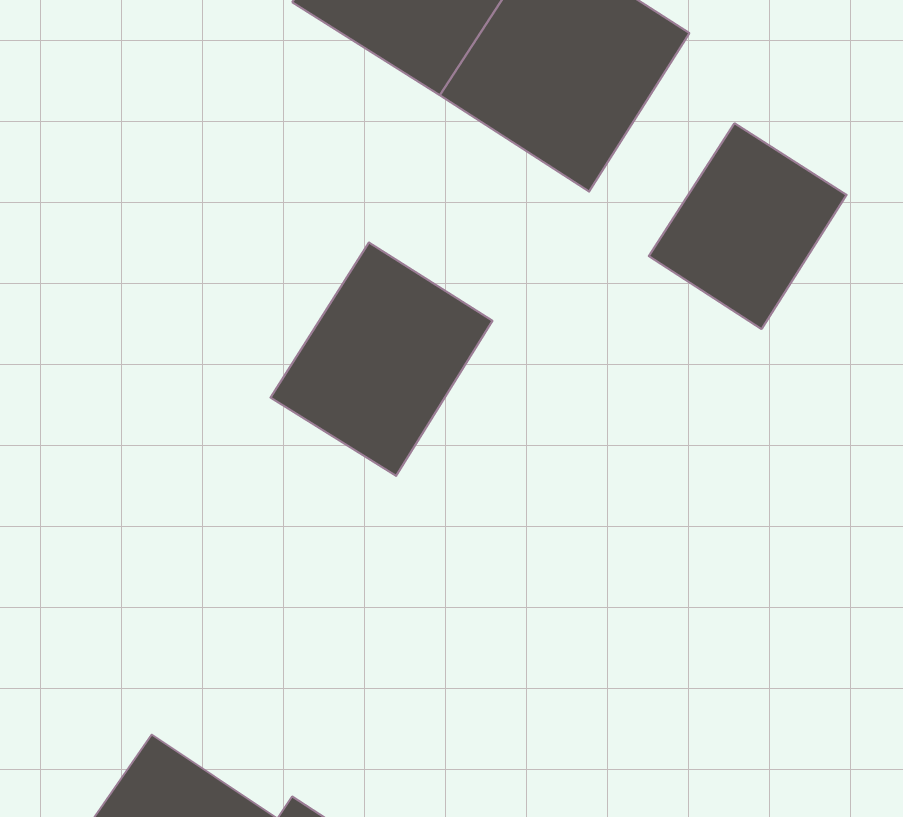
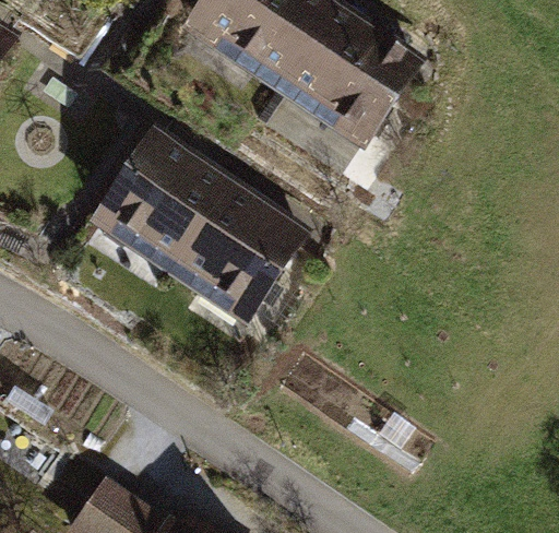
building: [649,123,847,329] -> none
building: none -> [91,131,231,274]

